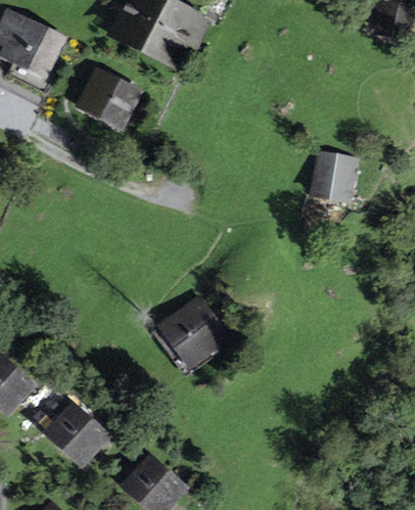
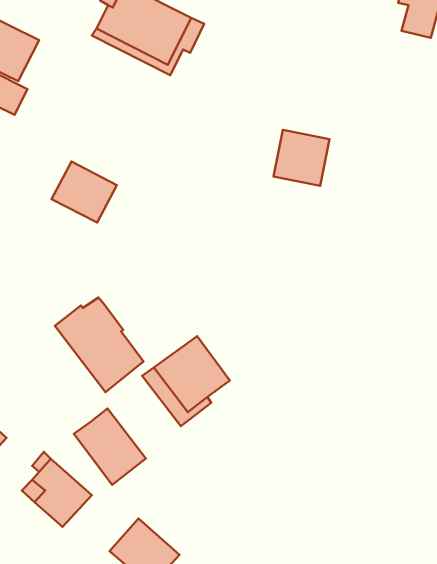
building: [82,72,139,125] -> [52,162,117,222]
building: [311,150,360,199] -> [274,130,330,186]
building: none -> [55,297,144,392]
building: none -> [74,409,146,485]

